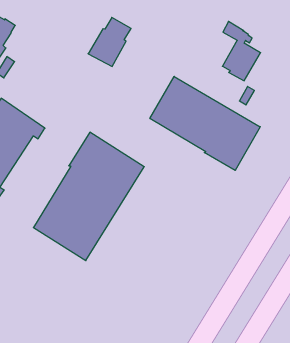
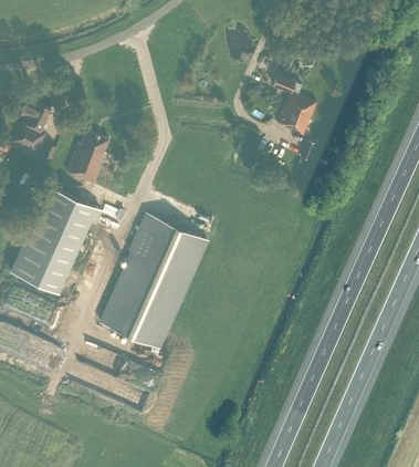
building: [88,17,131,66] -> [66,131,108,183]
building: [150,76,260,170] -> none

